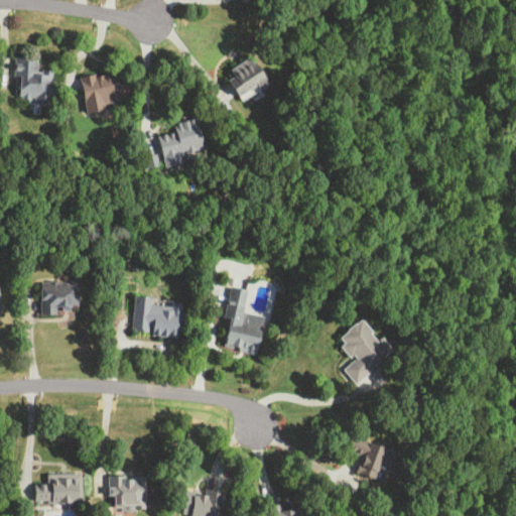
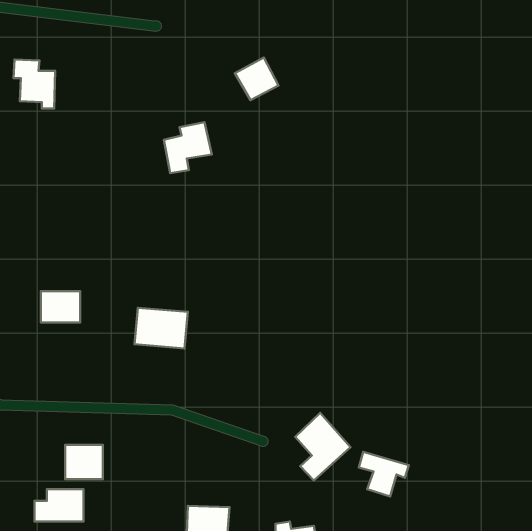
building: [82,74,130,110] -> none
building: [221,289,265,356] -> none
building: [338,319,391,385] -> [295,413,350,481]
building: [109,478,145,511] -> [65,445,103,479]

